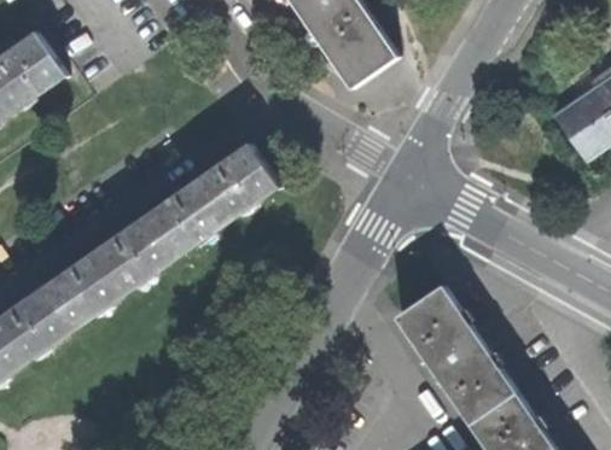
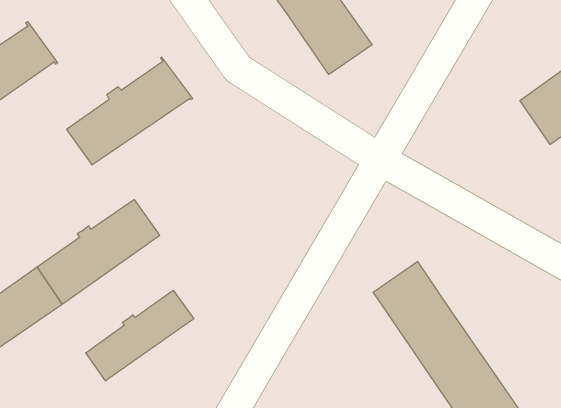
building: [146,144,279,257] -> [67,57,193,165]
building: none -> [86,290,194,381]

